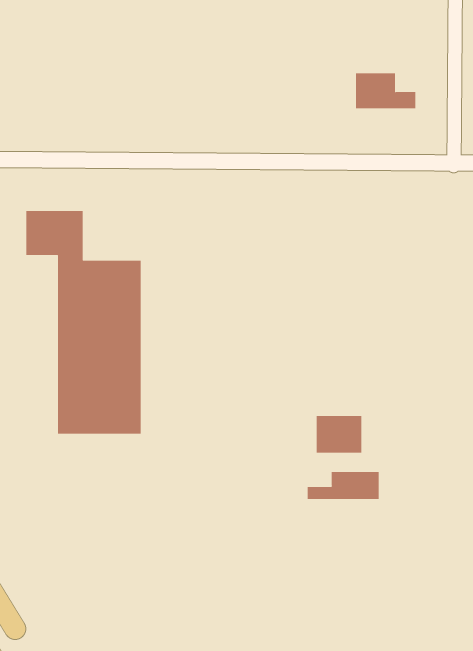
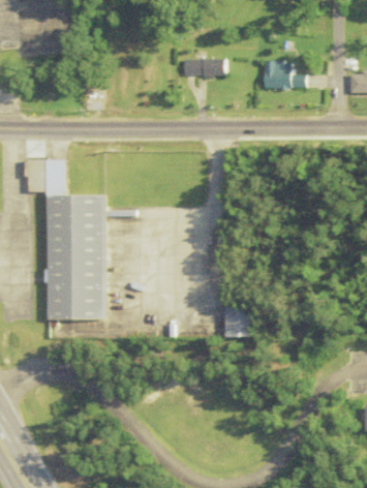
building: none -> [188,59,221,75]
building: [307,471,379,500] -> none

